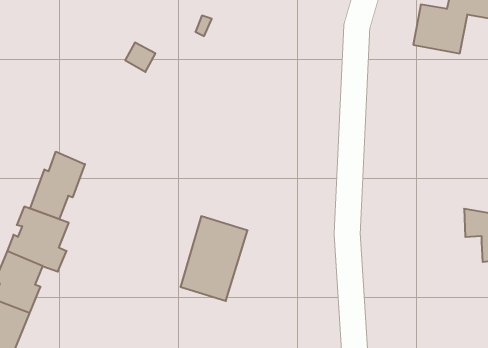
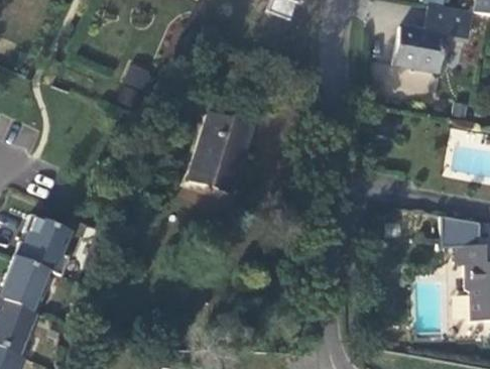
building: [30,152,85,219] -> none
building: [180,216,248,301] -> [190,113,252,192]

